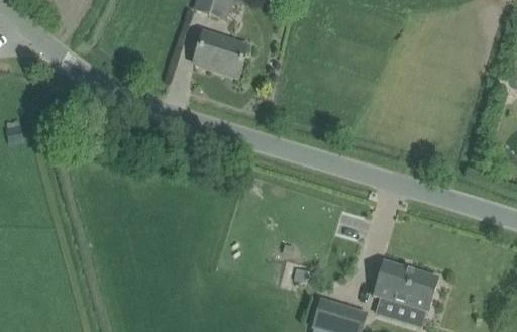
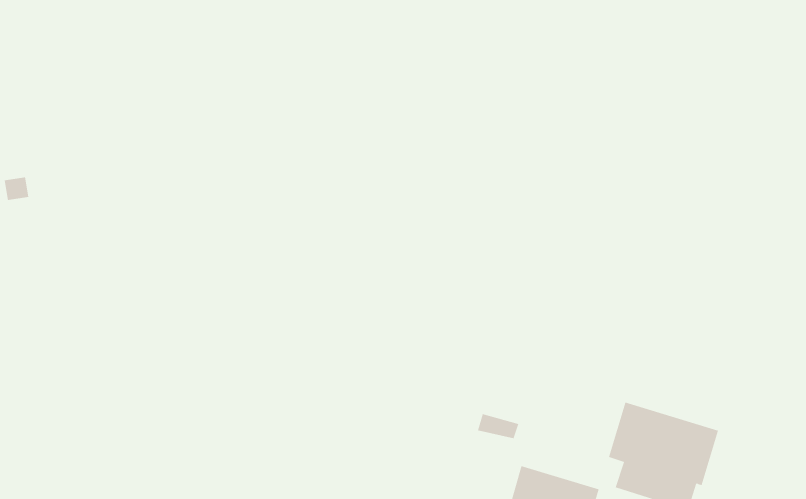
building: [194,32,246,77] -> none

